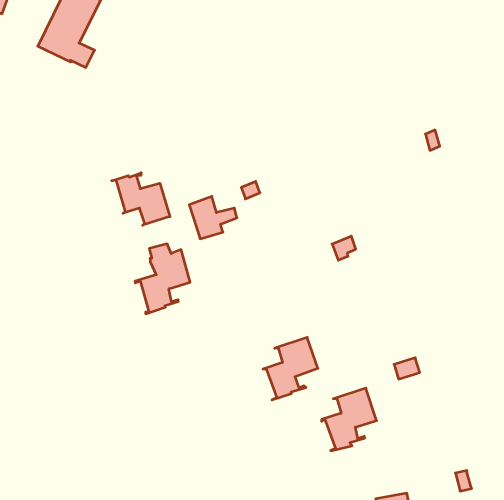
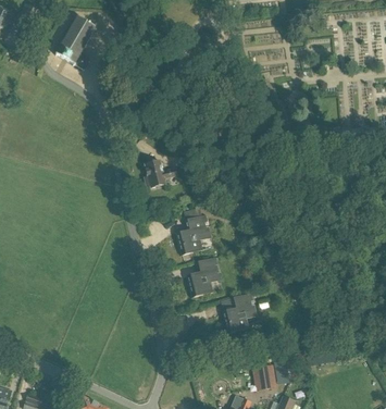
building: [112,173,170,225] -> none
building: [135,244,190,314] -> [174,211,210,256]

